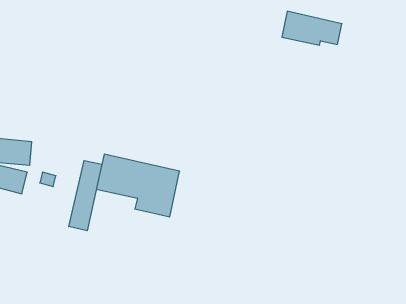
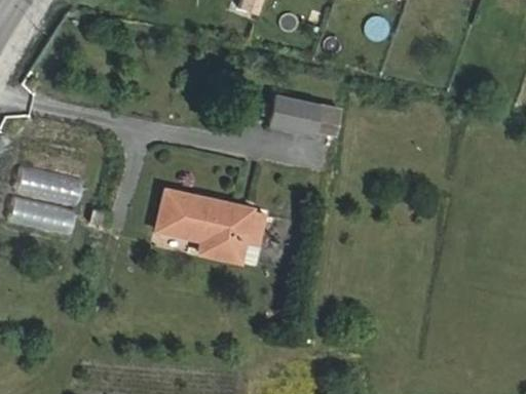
building: [282,11,342,45] -> [270,94,339,133]
building: [69,161,102,231] -> none

